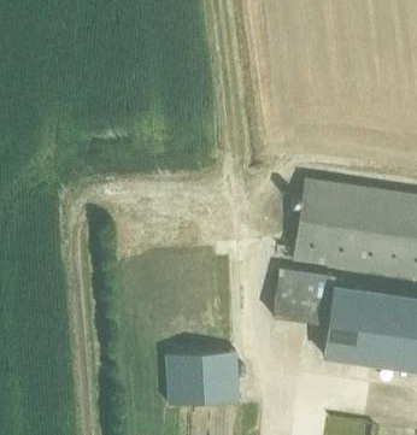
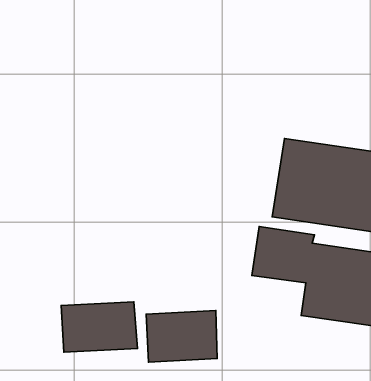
building: none -> [61,302,137,352]

